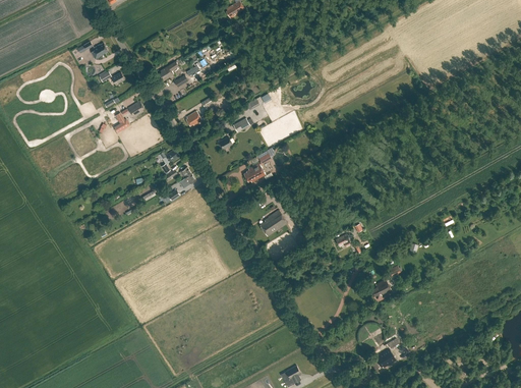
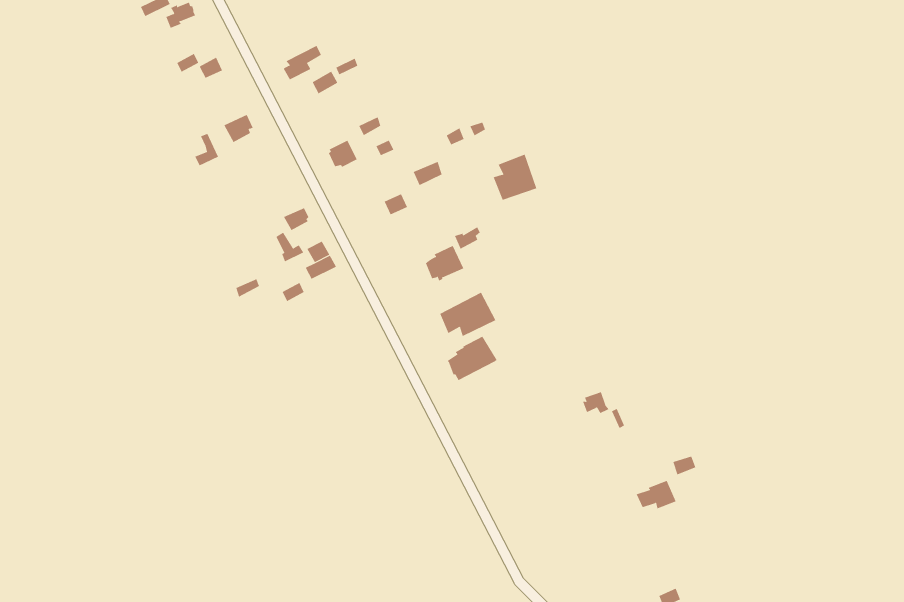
building: none -> [439,292,496,337]

